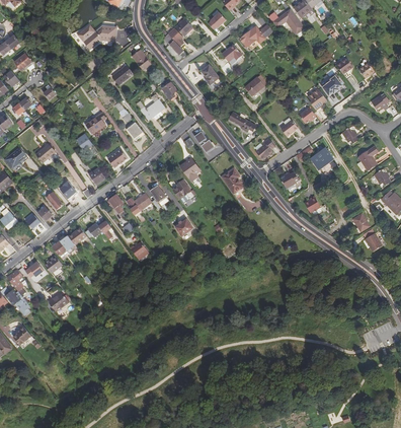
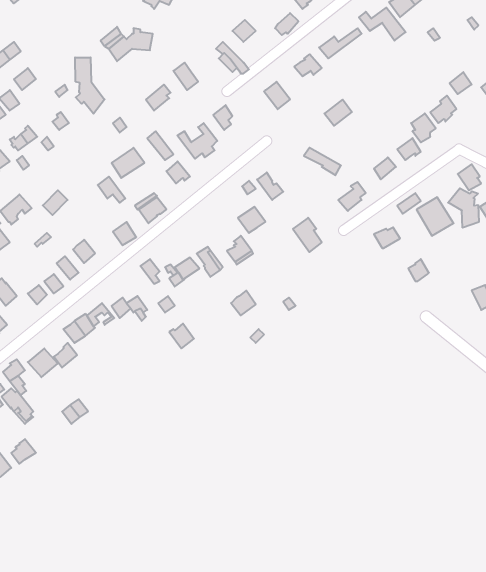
building: none -> [75,57,105,114]
building: none -> [448,188,479,228]

